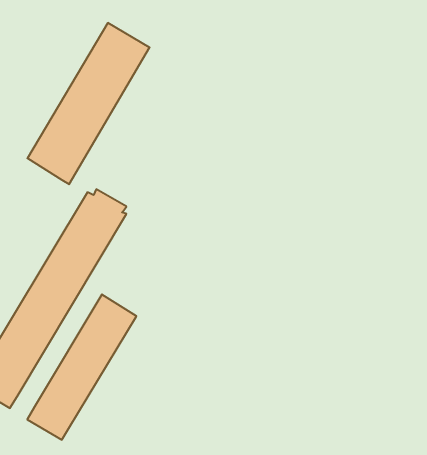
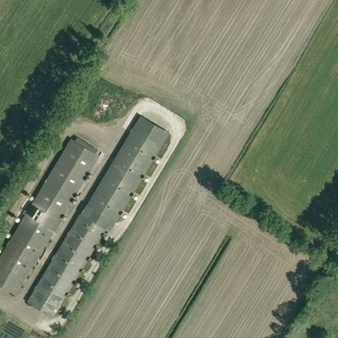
building: [27,23,150,184] -> [80,116,168,232]

